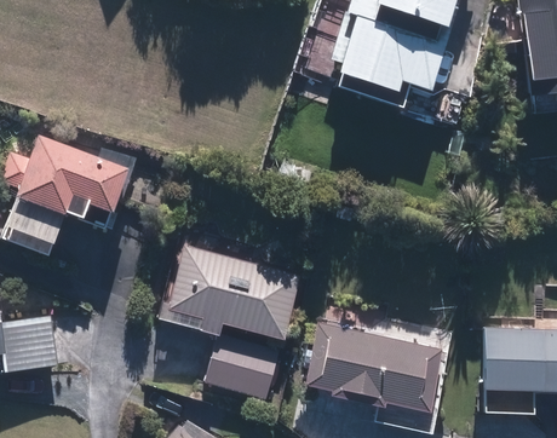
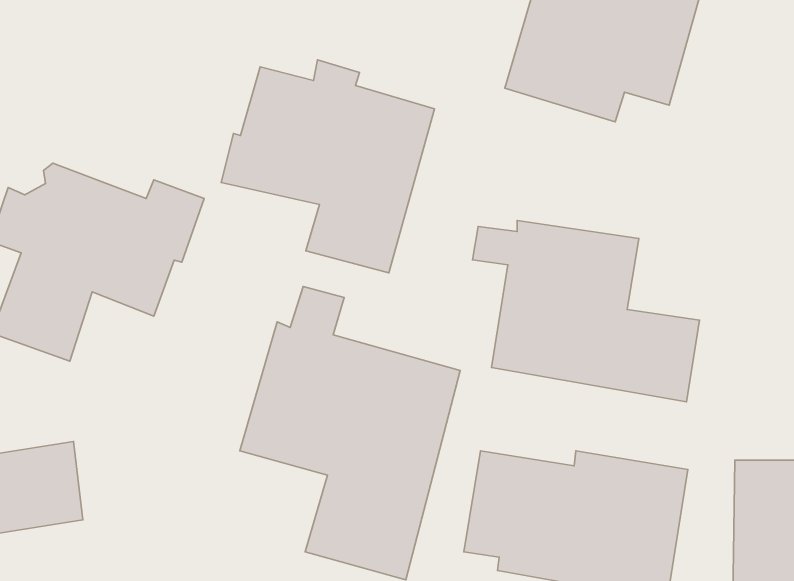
building: none -> [221,60,434,273]
building: none -> [473,220,700,402]

